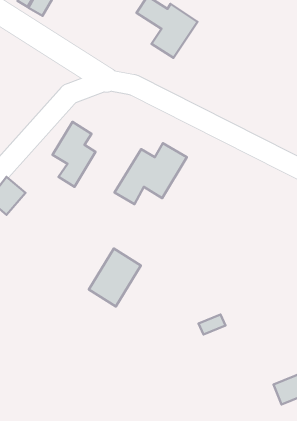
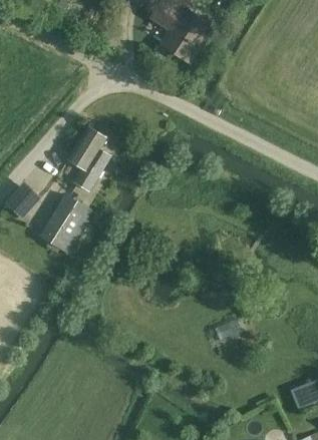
building: [115,143,187,204] -> none
building: [89,249,141,306] -> [40,193,92,252]

